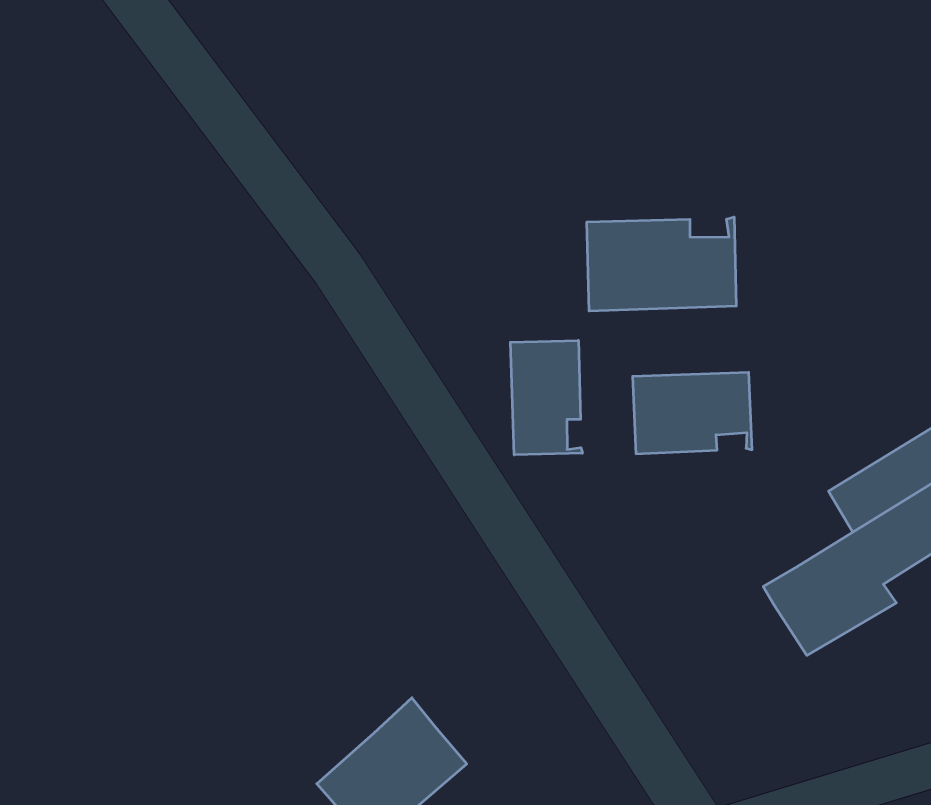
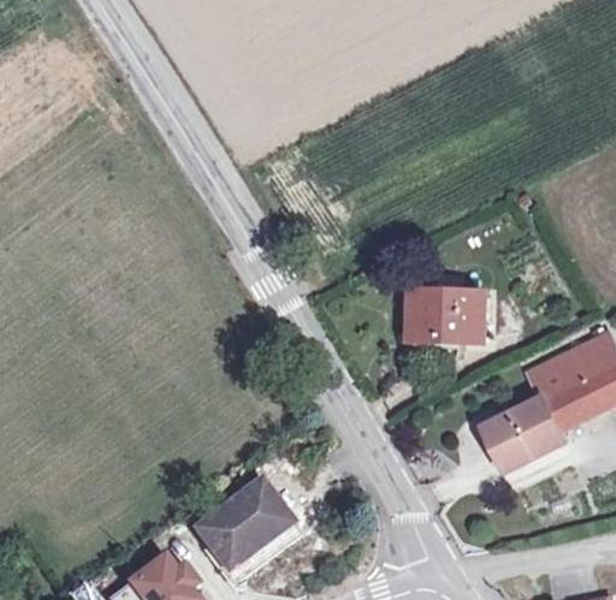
building: [587,217,736,311] -> none
building: [510,340,582,455] -> none

